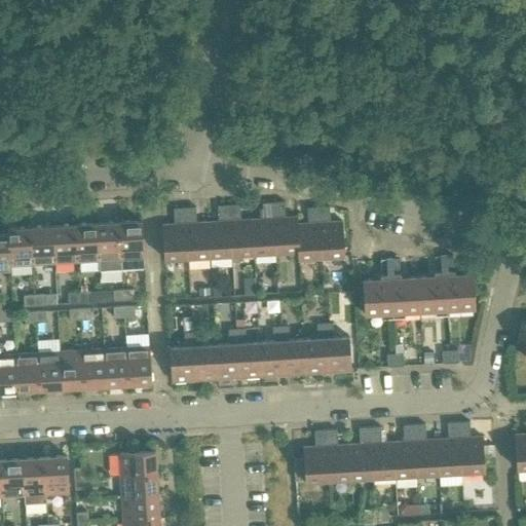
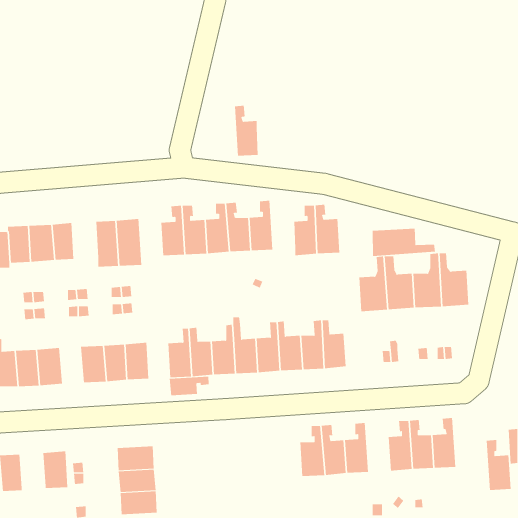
building: [273,202,298,254] -> [234,105,259,156]
building: [73,225,99,263] -> none
building: none -> [372,228,435,257]
building: [61,351,84,389] -> none
building: none -> [169,376,209,396]
building: [458,422,484,474] -> [486,440,511,490]
building: [370,427,394,479] -> none
building: [21,459,45,504] -> none

